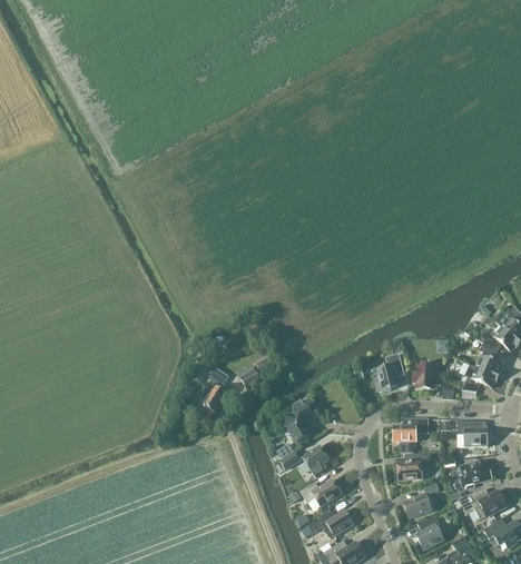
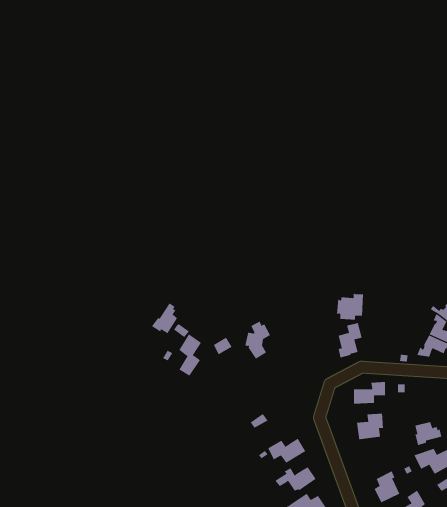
building: none -> [151,303,178,334]
building: [412,359,442,389] -> [336,293,364,320]
building: [284,400,313,443] -> [244,321,271,360]
building: [456,420,486,447] -> none
building: [301,445,328,476] -> none
building: [403,483,439,518] -> none

